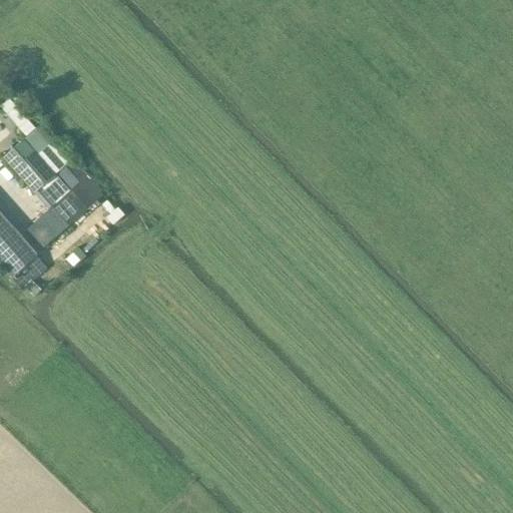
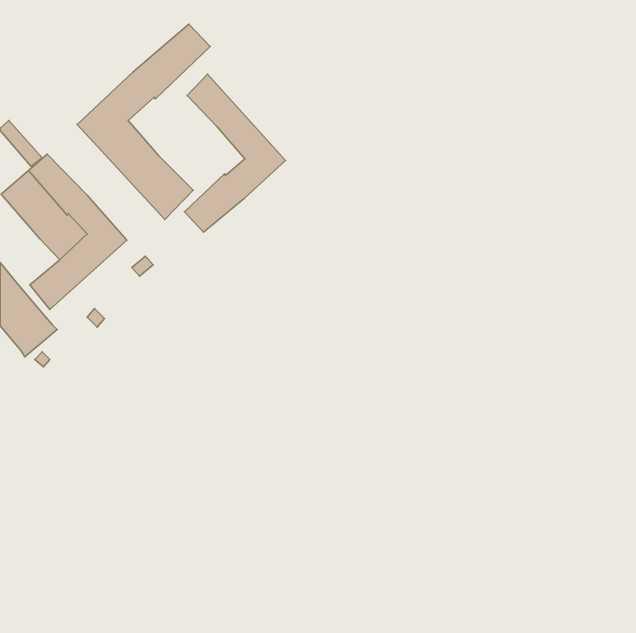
building: none -> [77,24,210,219]
building: none -> [185,74,285,232]

